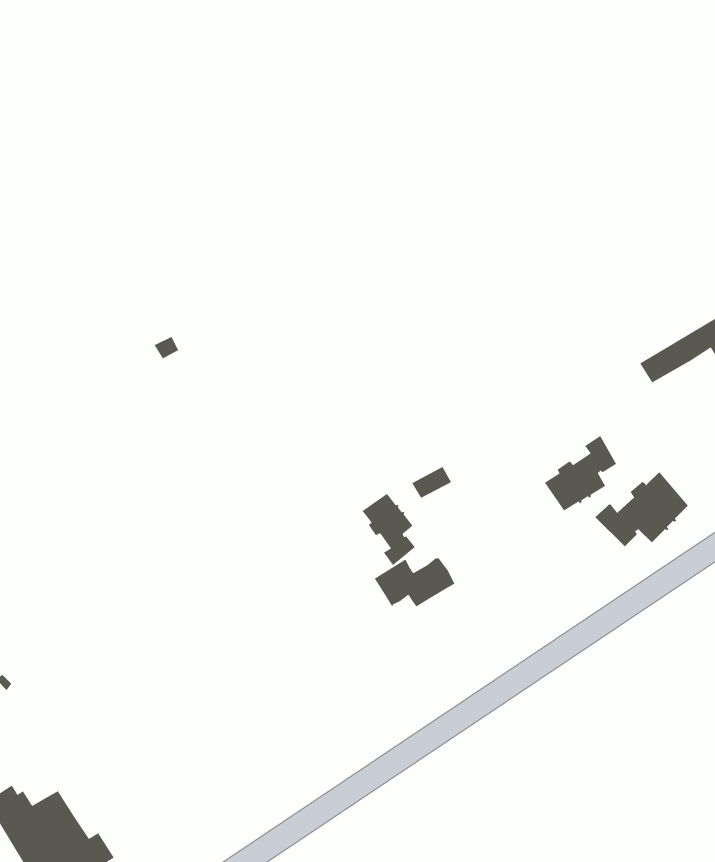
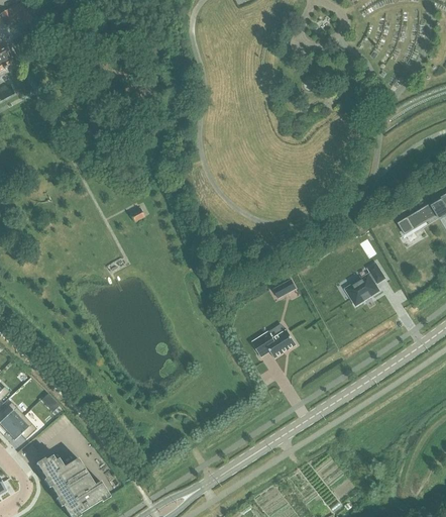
building: [595,471,689,547] -> none
building: [361,493,416,566] -> none

